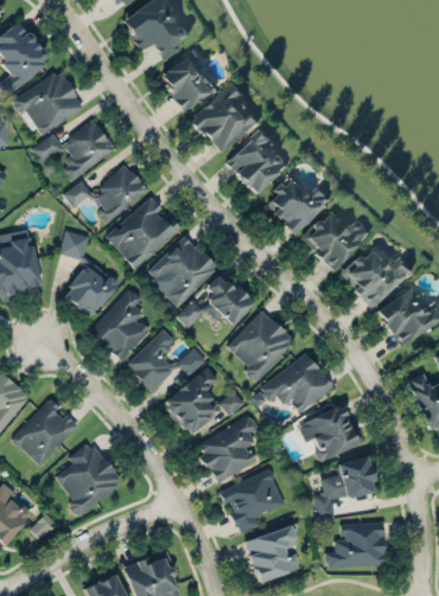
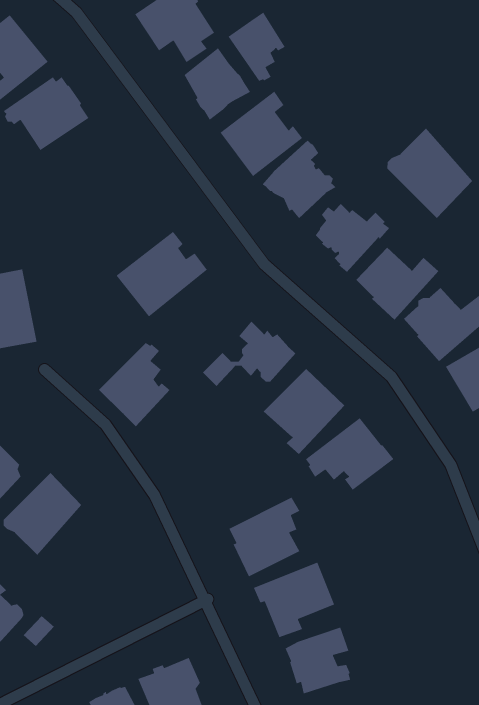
building: none -> [228,12,286,82]
building: none -> [387,128,473,219]
building: [32,118,116,180] -> none
building: [64,165,149,224] -> none
building: [59,231,119,315] -> none
building: [149,237,221,306] -> none
building: [127,329,205,390] -> none
building: [163,369,244,435] -> none
building: [298,405,362,463] -> none
building: [56,443,121,515] -> none
building: [314,455,376,519] -> none
building: [325,523,386,568] -> none

